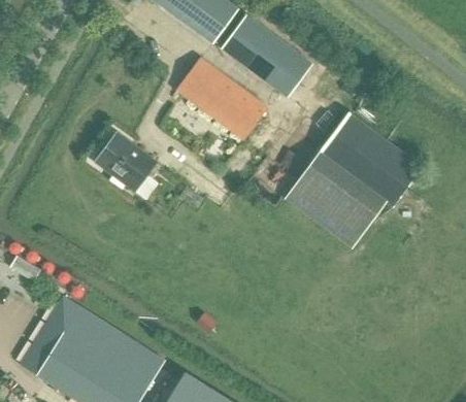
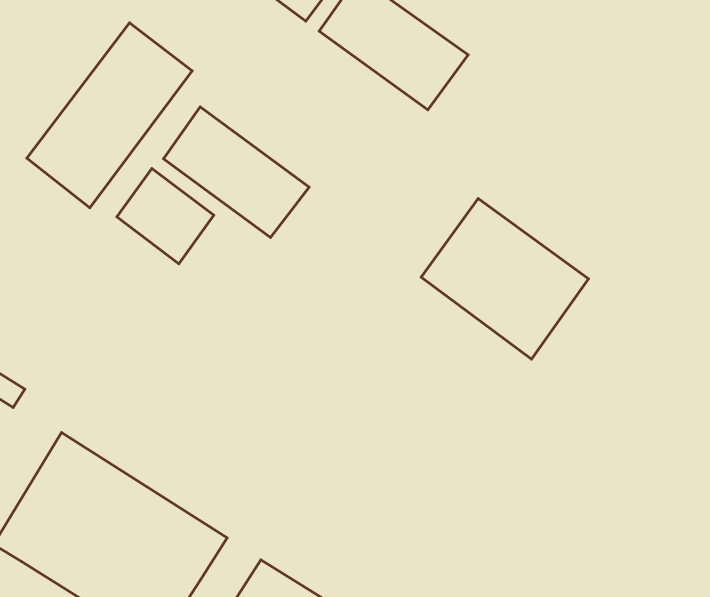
building: none -> [27,23,192,208]
building: [177,58,267,138] -> [164,107,309,237]
building: [319,112,424,207] -> none

